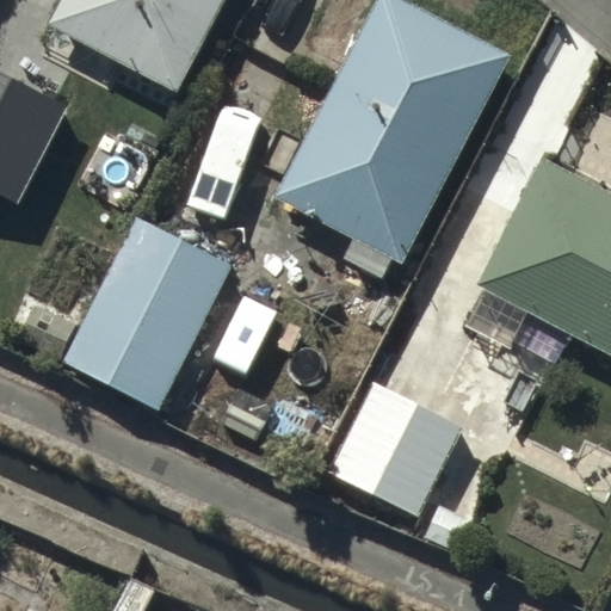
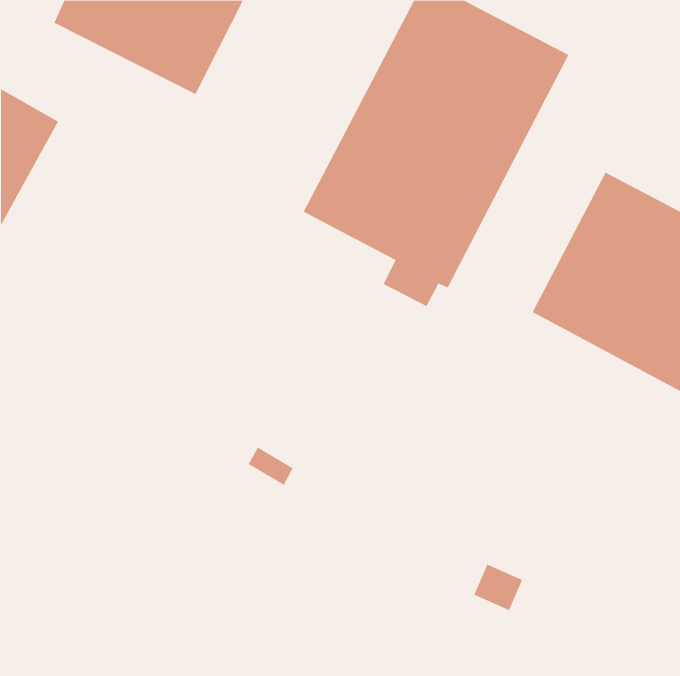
building: [63,222,227,409] -> none
building: [333,383,463,513] -> none

